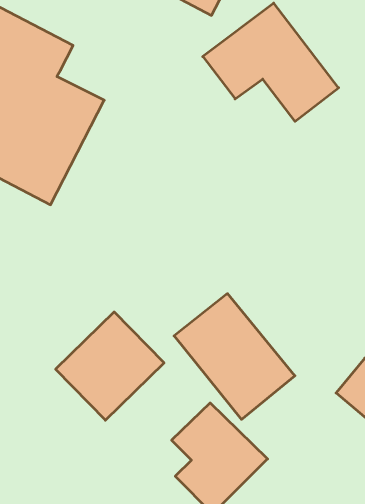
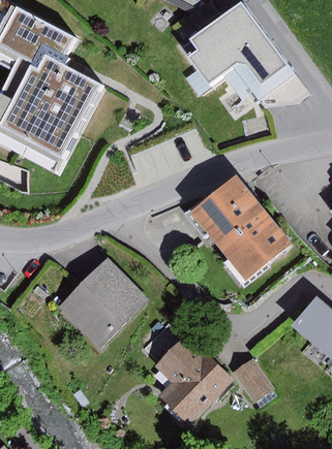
building: [174,294,295,419] -> [190,175,291,280]
building: none -> [234,357,273,402]

